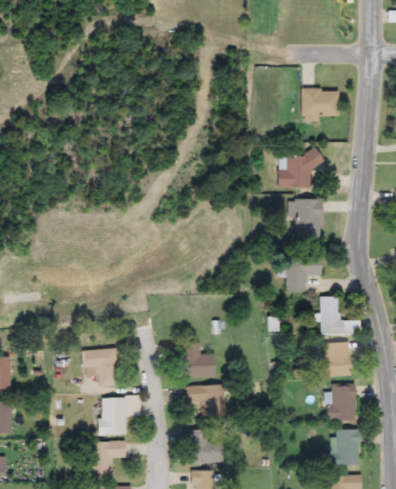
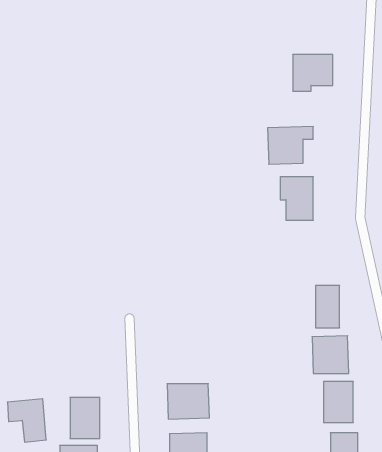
building: [287,257,322,292] -> none
building: [182,344,215,378] -> none
building: [83,348,118,387] -> [7,399,46,442]

